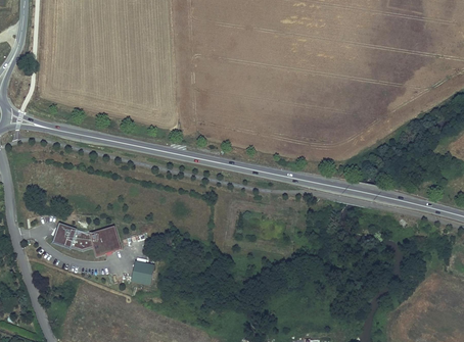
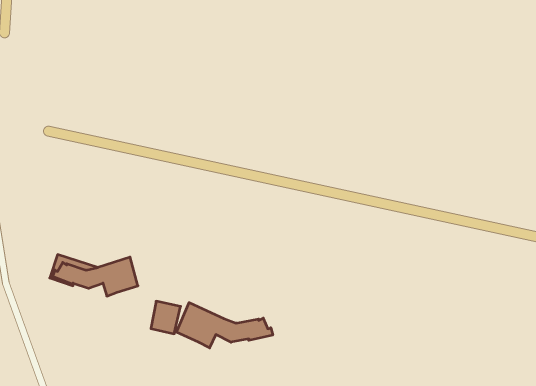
building: none -> [177,303,273,348]

